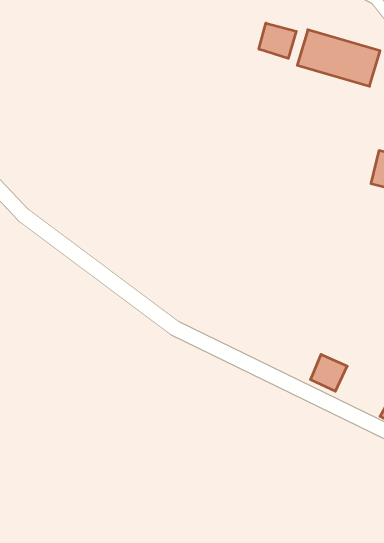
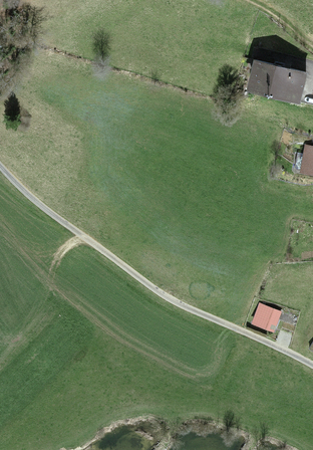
building: [259,23,296,58] -> none

